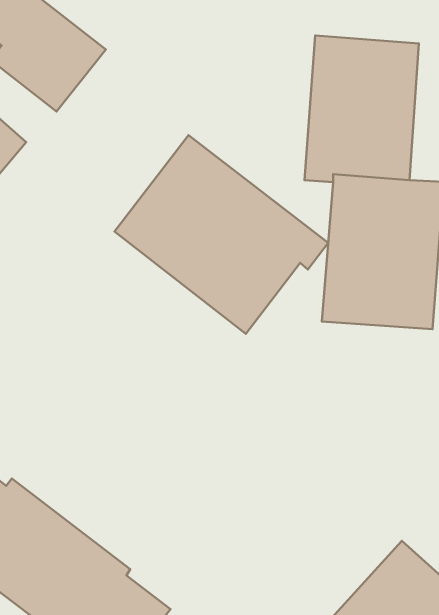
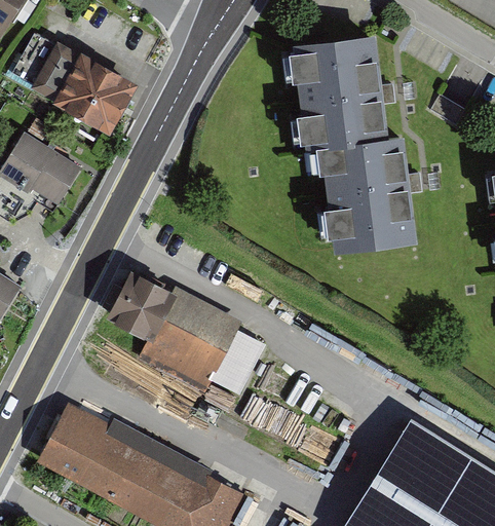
building: [115,135,328,334] -> none
building: none -> [103,277,260,390]

